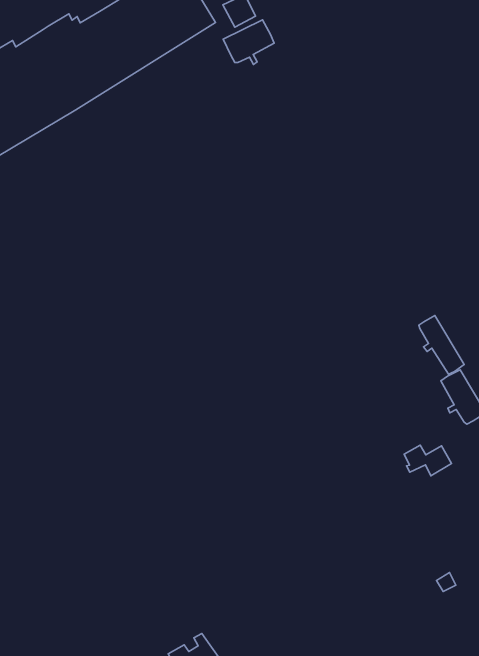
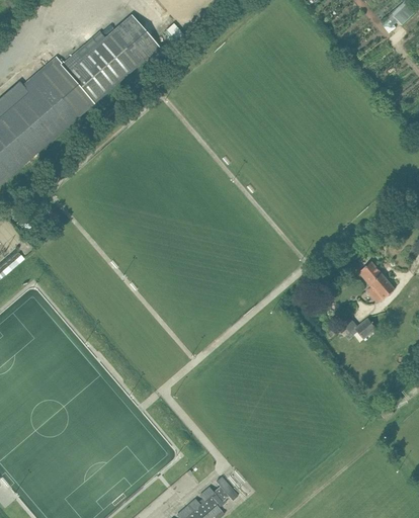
building: [223,20,274,64] -> none
building: [419,315,464,374] -> none

